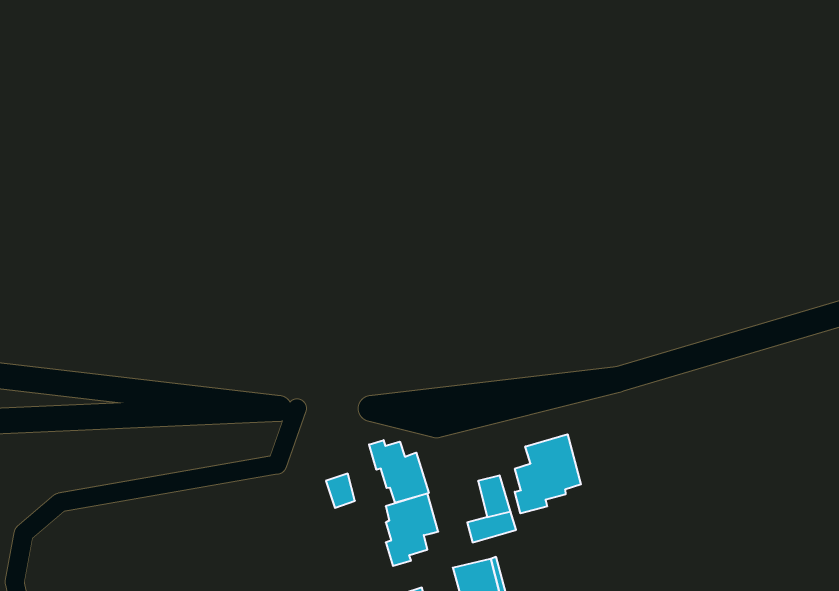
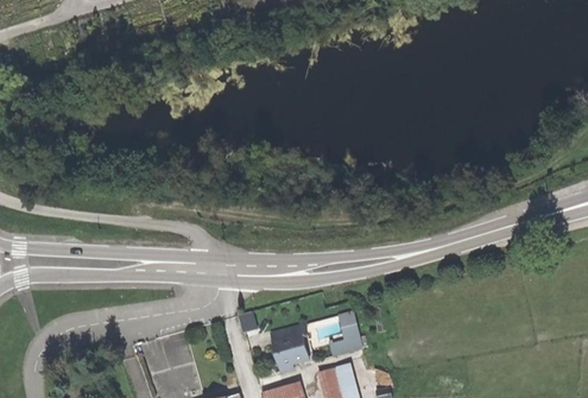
building: [515,434,581,513] -> none
building: [369,440,429,503] -> none

